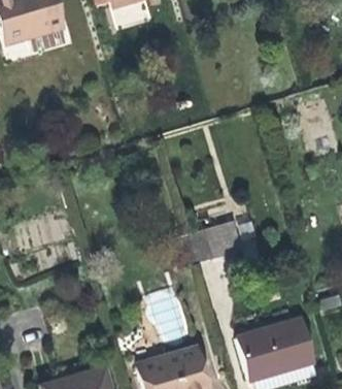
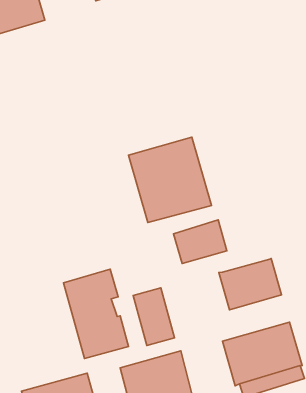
building: none -> [129,137,212,222]
building: none -> [219,258,281,310]
building: none -> [64,269,129,358]

